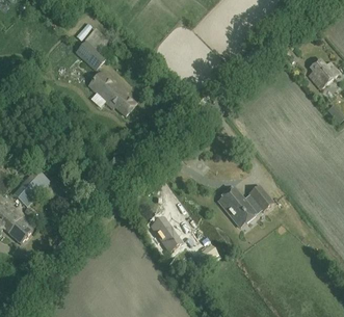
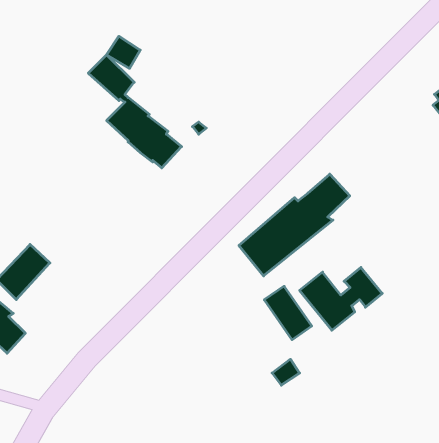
building: none -> [239,174,350,276]
building: [150,216,182,253] -> [264,286,312,340]

